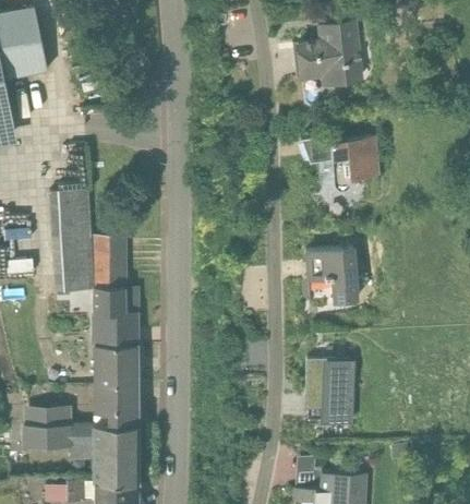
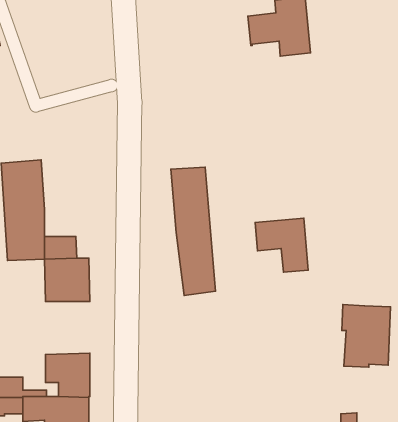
building: [301,133,378,193] -> none
building: none -> [171,167,216,296]
building: [93,238,124,266] -> none
building: [93,345,138,385] -> none
building: [305,359,354,422] -> [342,305,390,367]

